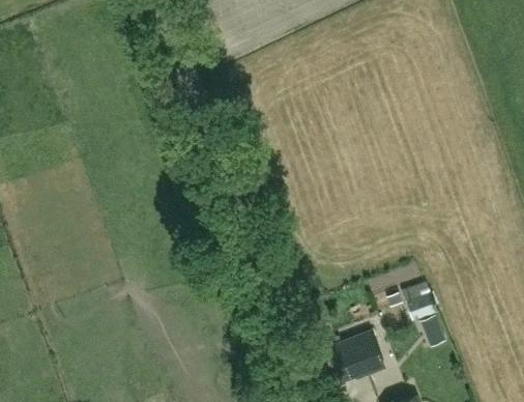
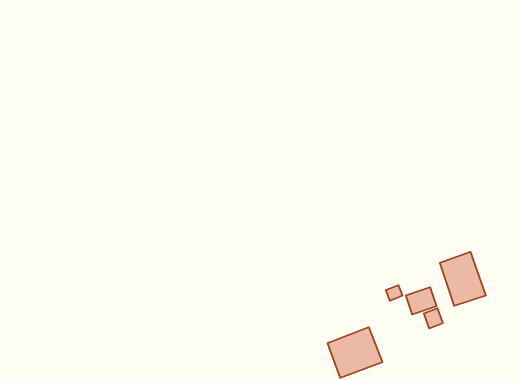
building: none -> [440,252,486,306]

